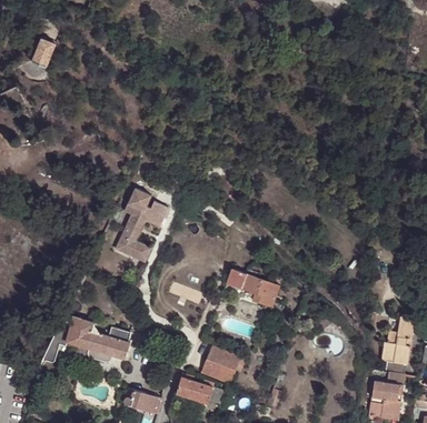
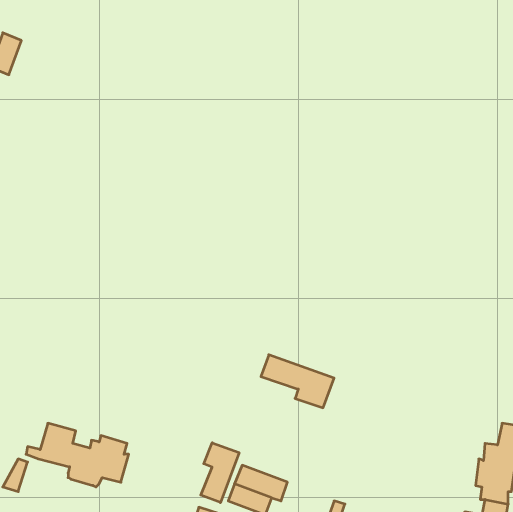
building: [118,188,171,262] -> none
building: none -> [201,443,239,503]

